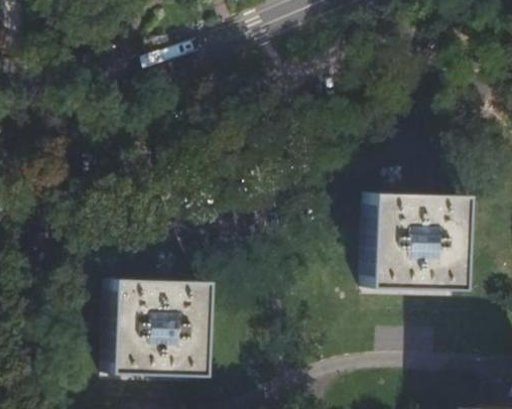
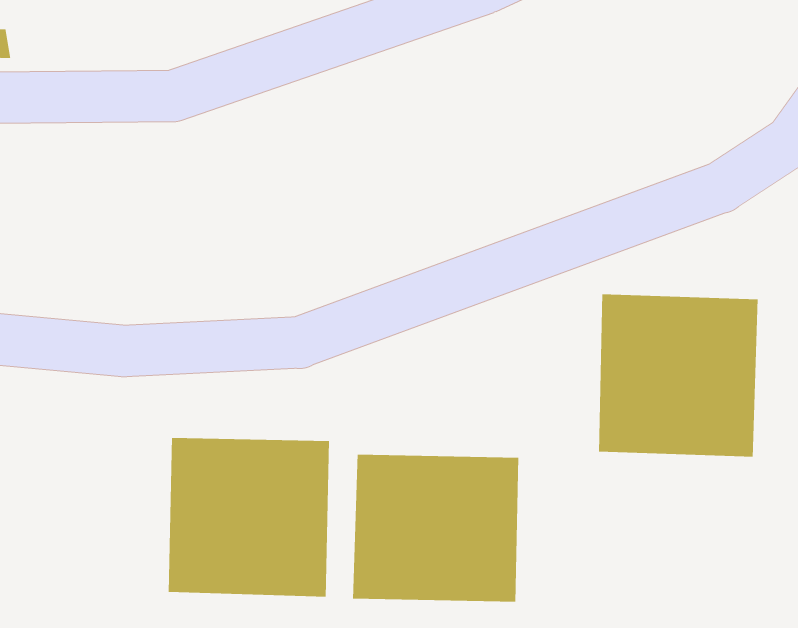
building: none -> [352,454,519,603]

